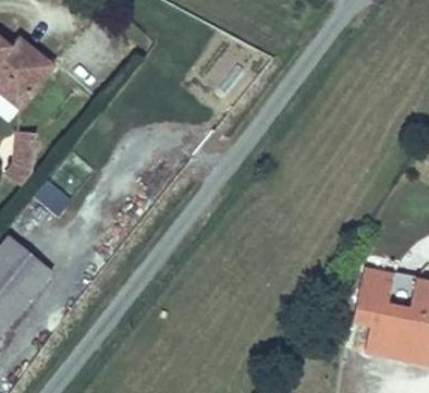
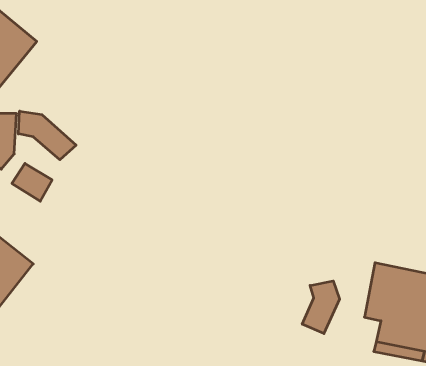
building: none -> [18,111,76,160]
building: none -> [302,281,340,334]

